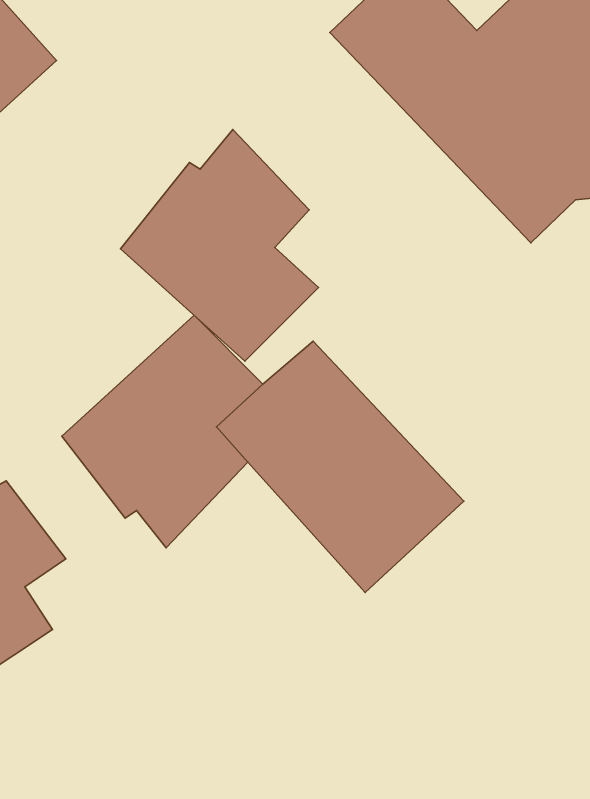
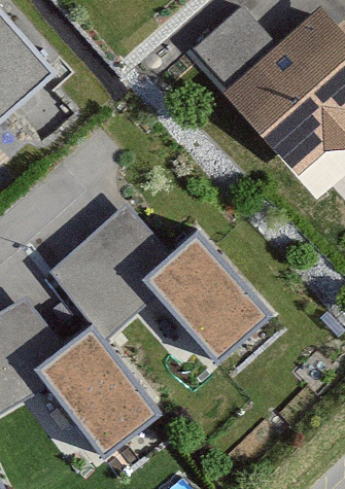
building: [121,130,319,361] -> none
building: none -> [31,319,163,461]

